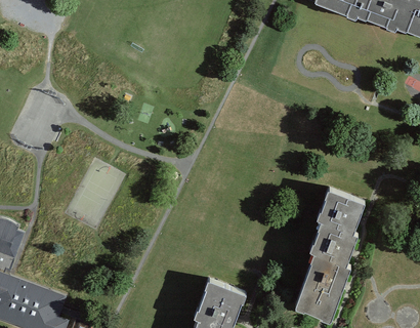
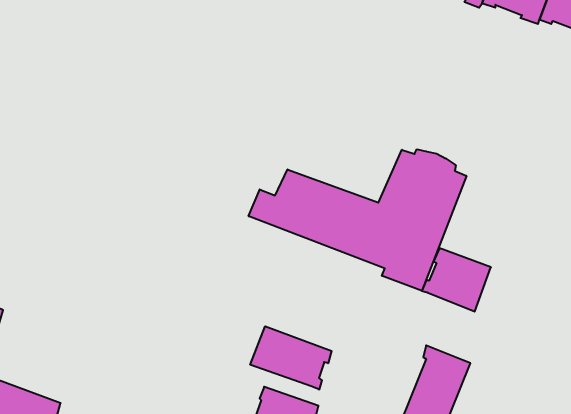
building: none -> [249,149,466,291]
building: [307,218,356,265] -> none
building: none -> [250,326,332,390]

